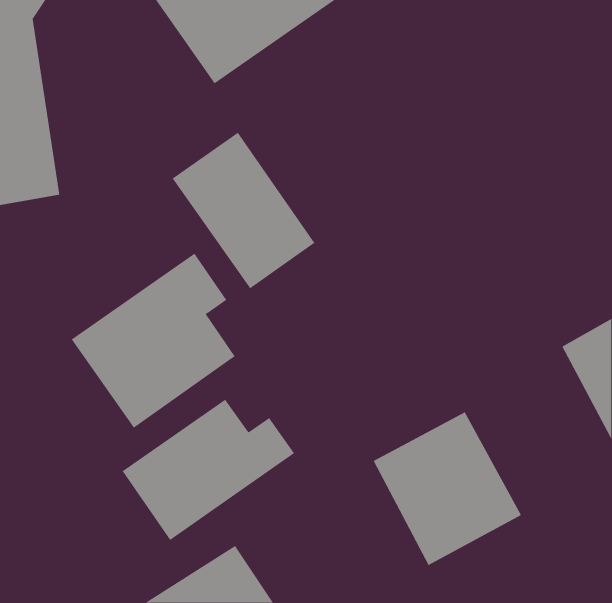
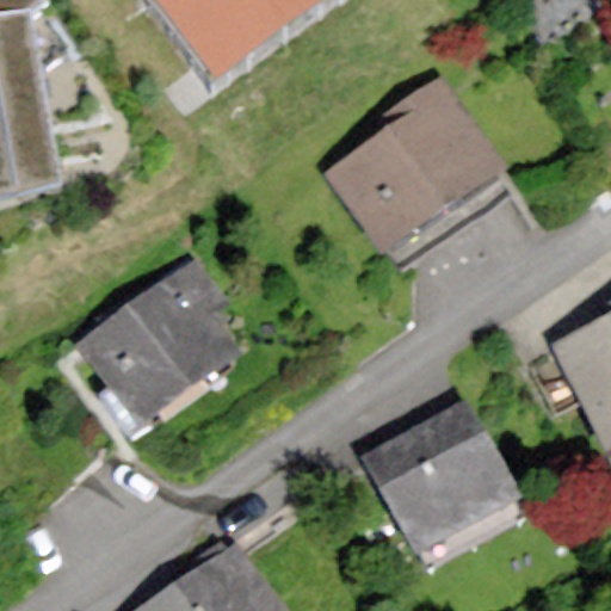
building: none -> [319,69,510,261]
building: [172,132,315,289] -> none
building: [122,399,295,541] -> none

